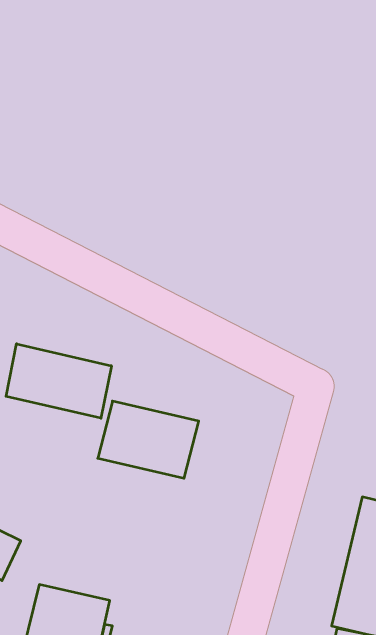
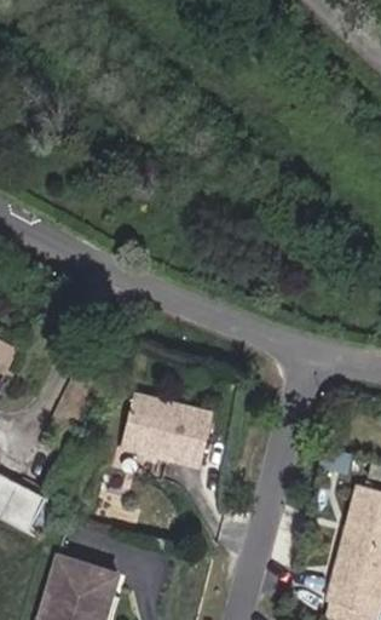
building: [6,344,111,418] -> none

